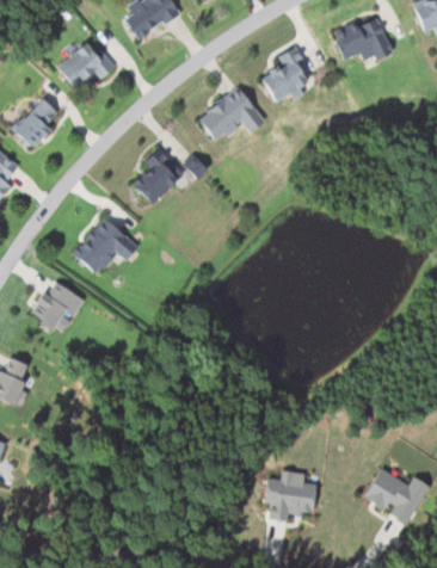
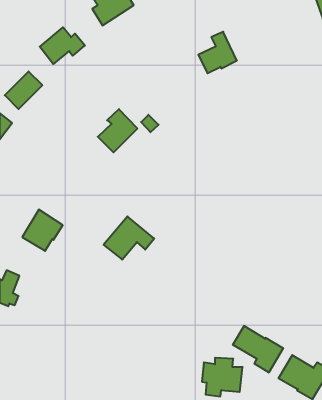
building: [332,17,388,61] -> none
building: [196,87,263,141] -> none
building: [70,217,136,273] -> [104,216,154,260]
building: none -> [233,326,283,373]

